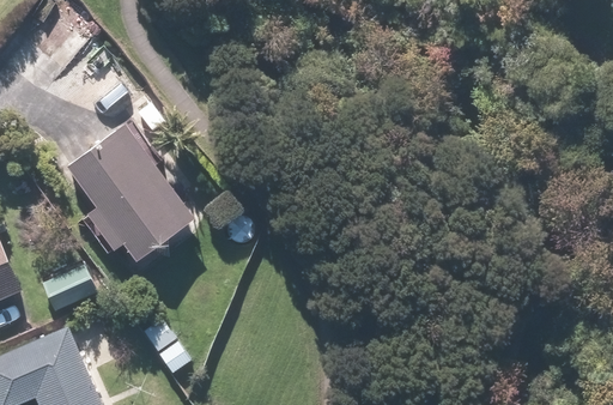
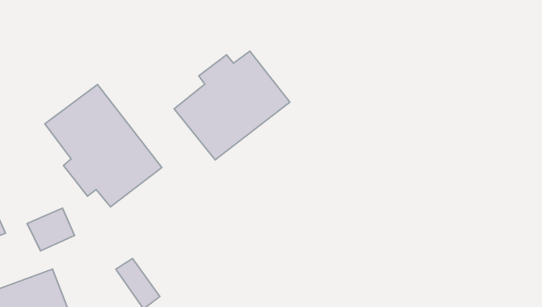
building: none -> [174,51,290,160]

